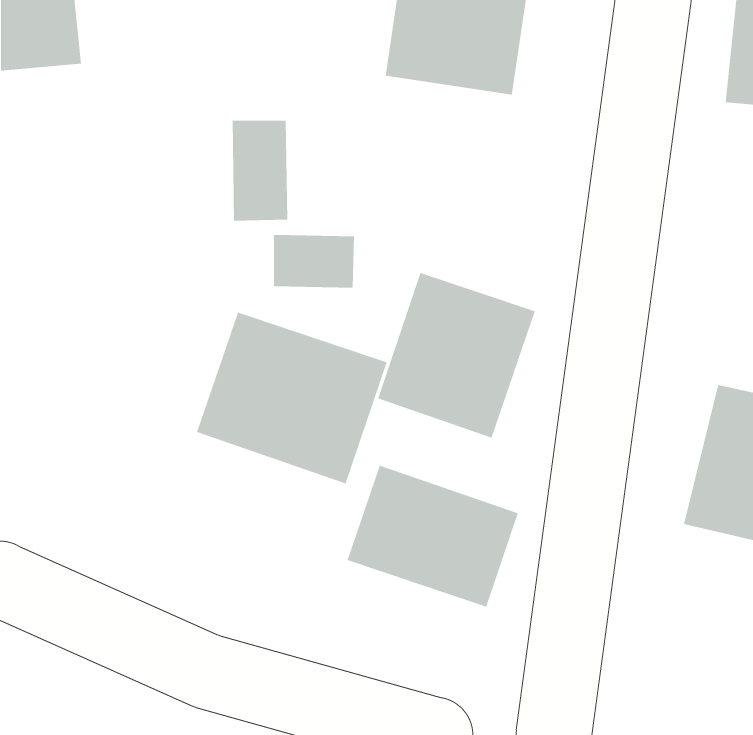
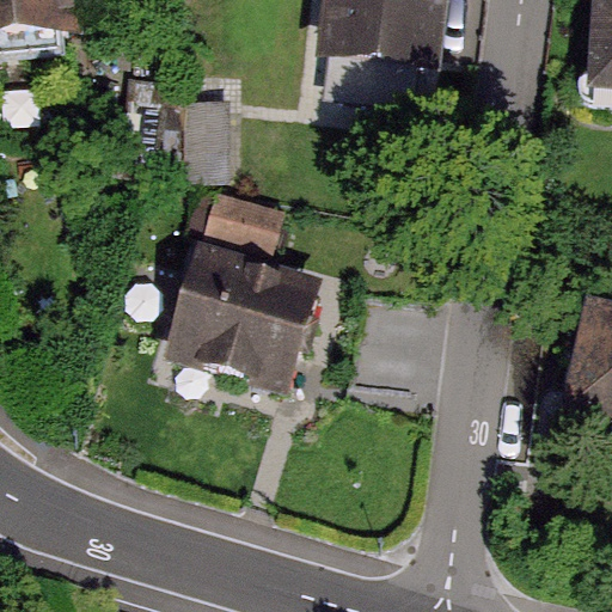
building: [377,272,535,439] -> none
building: [347,465,519,608] -> none

